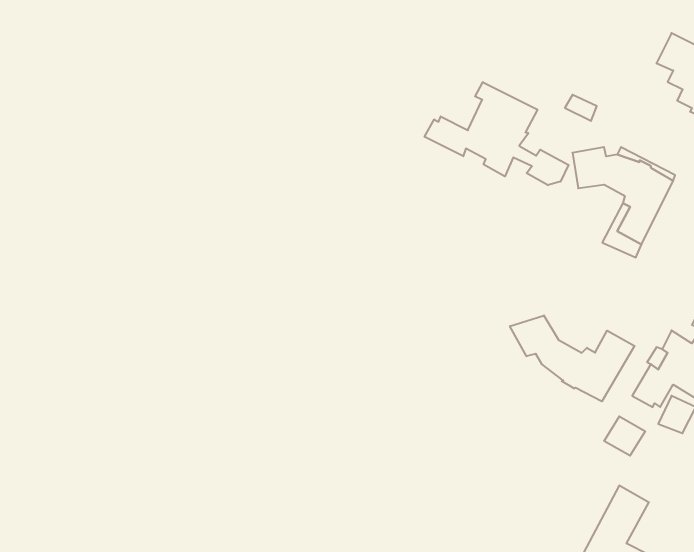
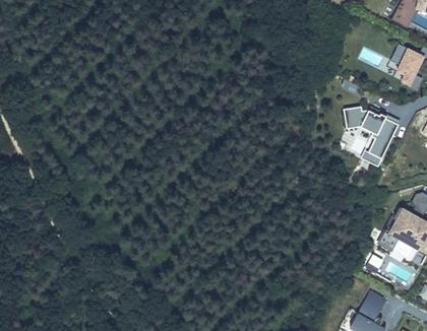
building: [425,82,569,185] -> none
building: [510,315,635,401] -> none

